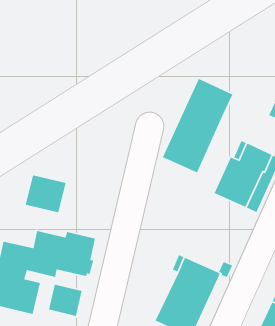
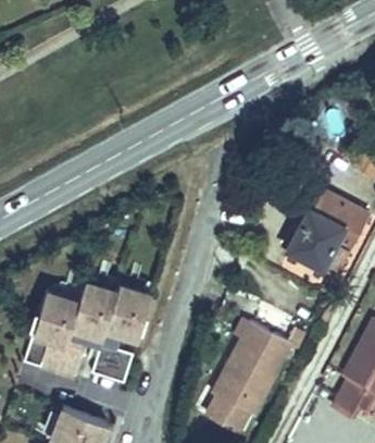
building: [162,78,234,174] -> none
building: [25,174,66,213] -> none

